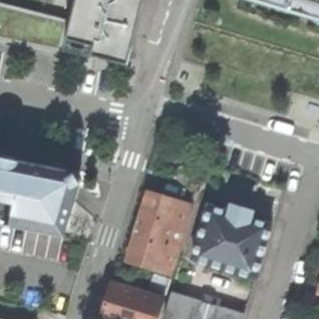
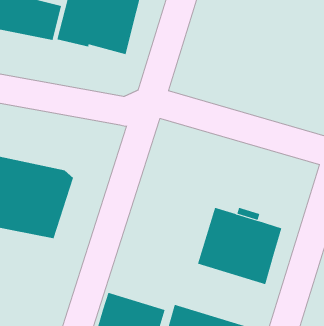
building: [124,193,188,272] -> none

